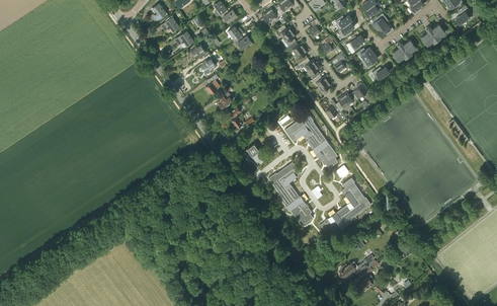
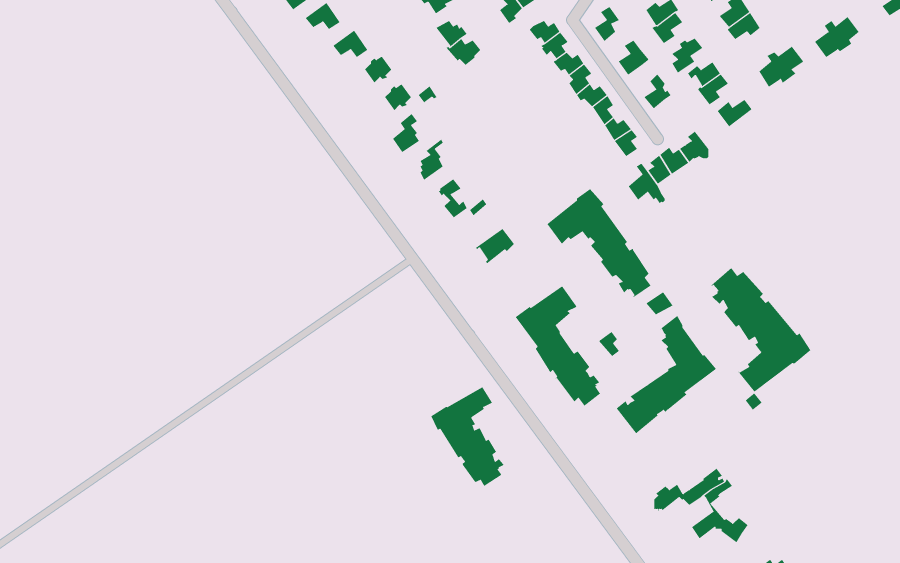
building: none -> [711,267,811,393]
building: none -> [431,386,505,487]

